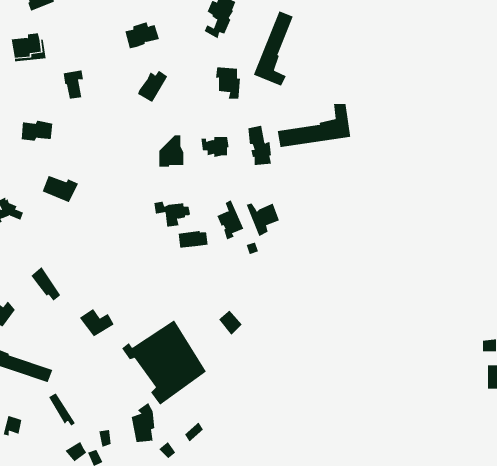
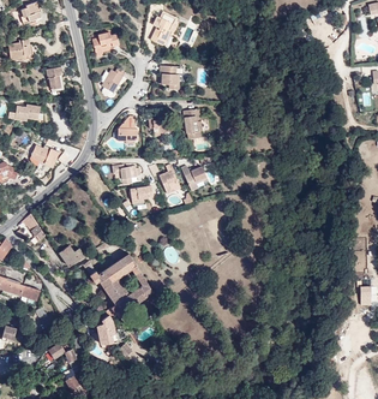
building: [251,11,294,86] -> none
building: [277,103,351,148] -> none

